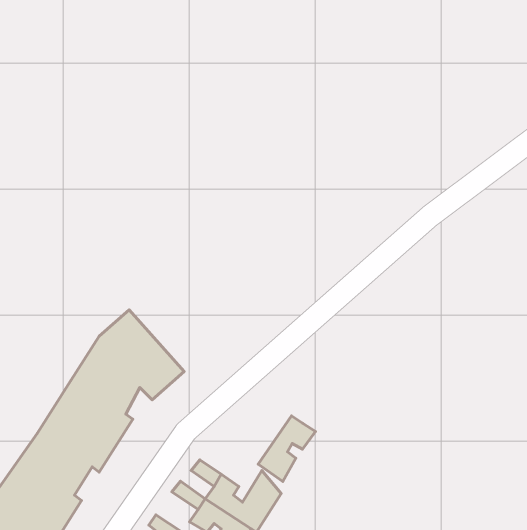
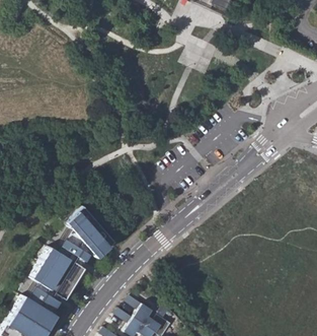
building: [258,416,316,482] -> none

